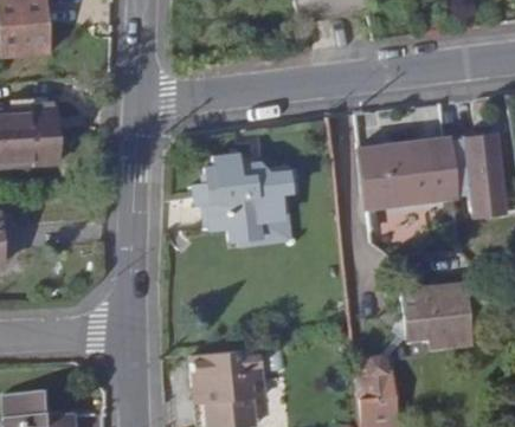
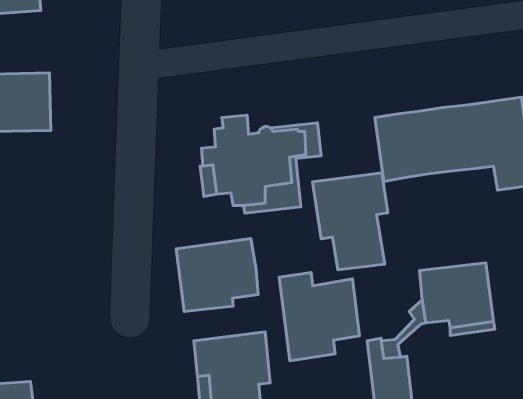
building: none -> [313,173,388,270]
building: none -> [176,239,258,312]
building: none -> [279,272,359,361]

